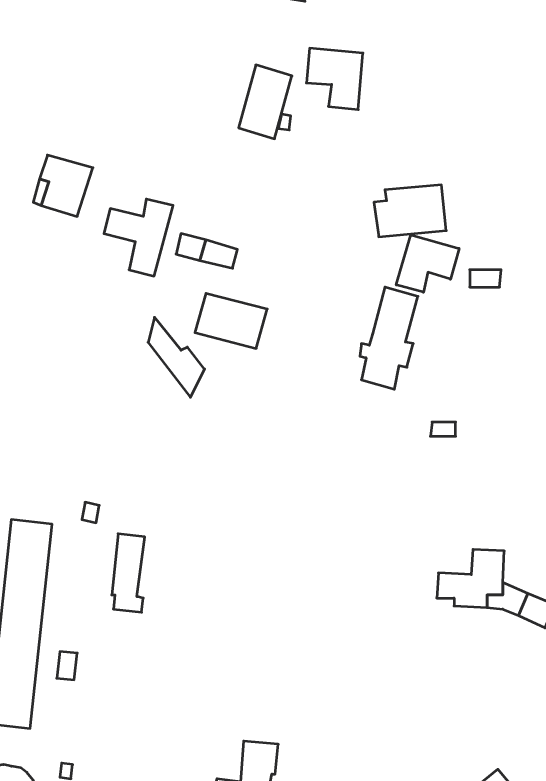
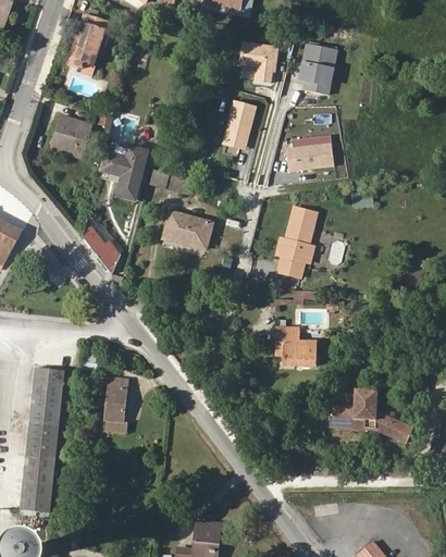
building: none -> [67,22,104,69]
building: none -> [300,42,339,97]
building: [239,65,292,139] -> [222,99,259,150]
building: [396,235,459,292] -> none
building: [148,317,205,397] -> [82,219,121,274]
building: none -> [275,327,317,366]

